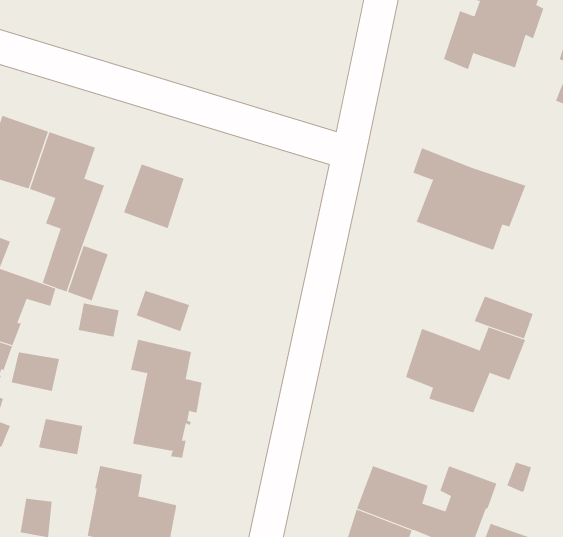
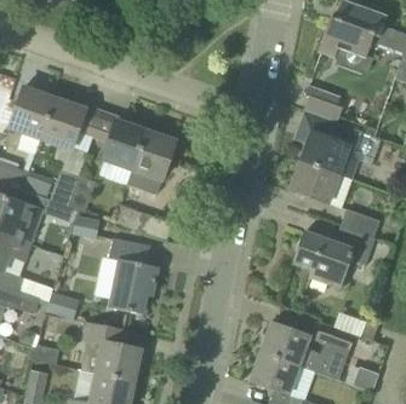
building: none -> [303,85,342,122]
building: none -> [126,129,175,194]
building: none -> [288,158,338,203]

